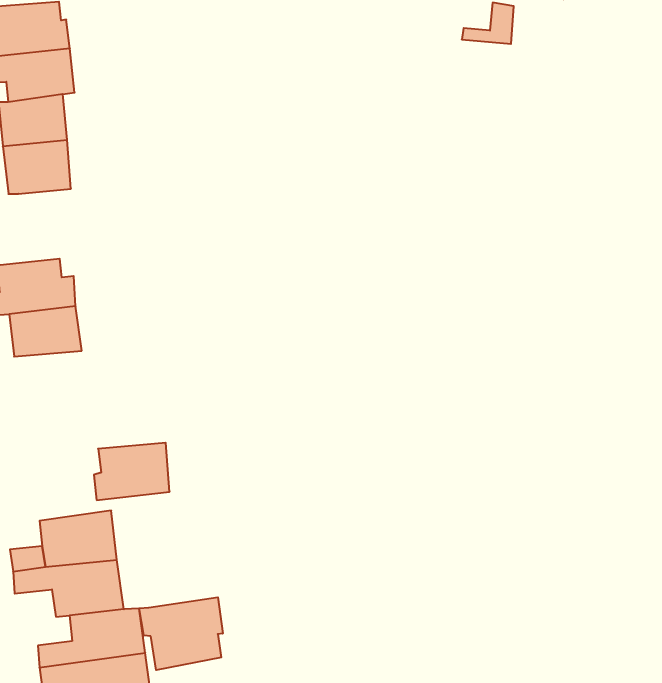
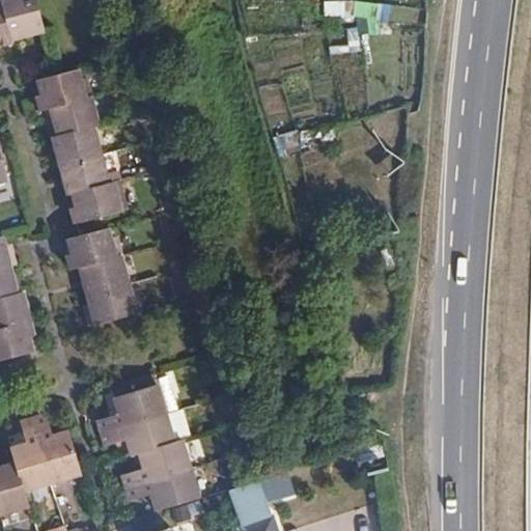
building: none -> [68,183,122,224]
building: [94,443,170,500] -> [84,284,133,327]
building: [139,597,223,670] -> none

